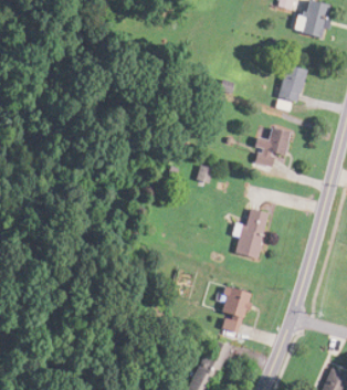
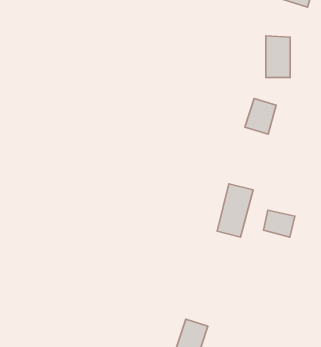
building: none -> [263,210,295,237]
building: [223,288,245,329] -> none

